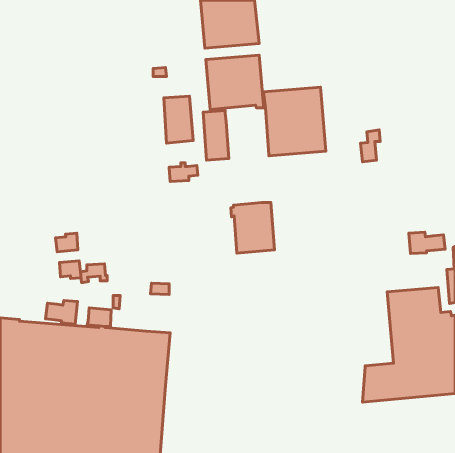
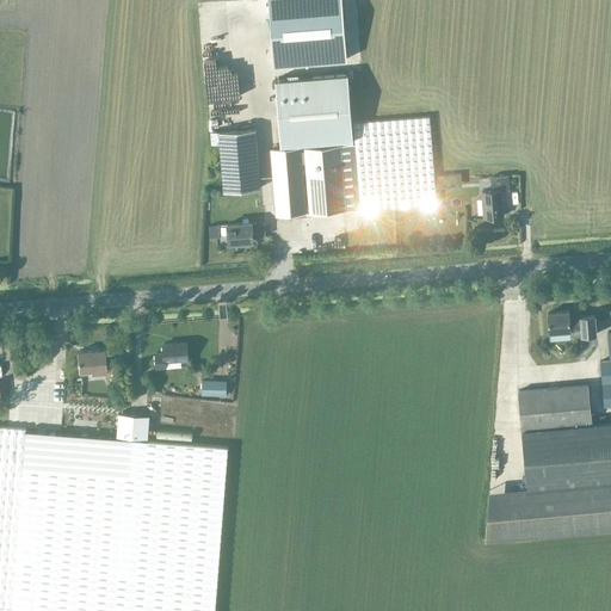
building: [231,203,274,253] -> [302,147,360,215]
building: [55,233,78,252] -> none
building: [81,264,107,282] -> [155,345,191,370]
building: [45,300,78,324] -> none

